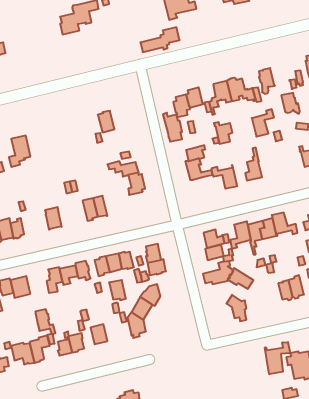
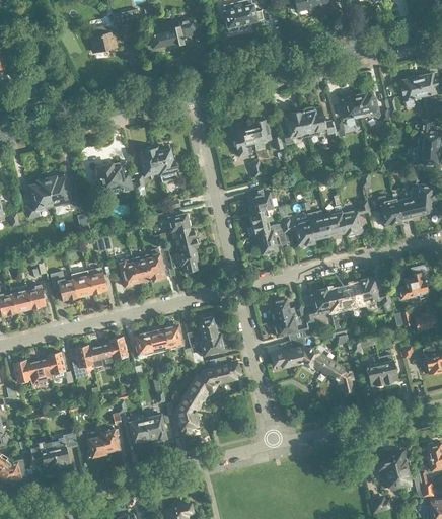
building: [140,27,180,52] -> [148,17,198,49]
building: [281,93,300,114] -> [355,91,378,118]
building: [252,109,274,137] -> [340,201,368,235]
building: [163,113,182,142] -> [152,146,176,182]
building: none -> [93,162,131,192]
building: [214,122,232,144] -> [305,212,328,239]
building: none -> [46,174,80,209]
building: none -> [376,195,398,226]
building: none -> [253,229,286,253]
building: none -> [168,250,196,273]
building: none -> [143,252,163,281]
building: none -> [86,267,105,295]
building: none -> [48,271,75,301]
building: none -> [208,357,239,382]
building: [109,280,126,300] -> [144,415,165,440]
building: [226,295,246,321] -> [326,362,352,395]
building: [35,309,55,334] -> [47,352,72,383]
building: [265,342,290,374] -> none

